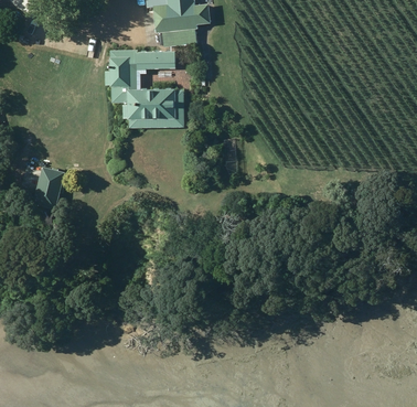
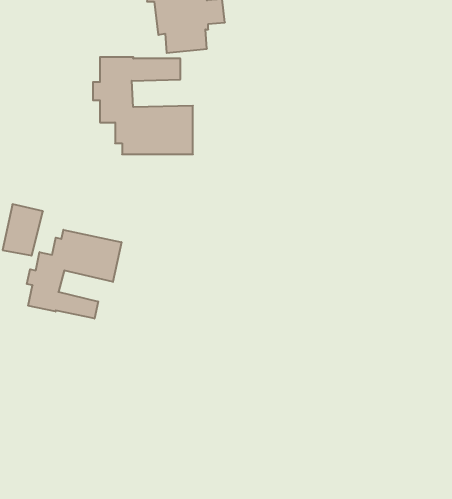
building: none -> [27,230,121,319]

